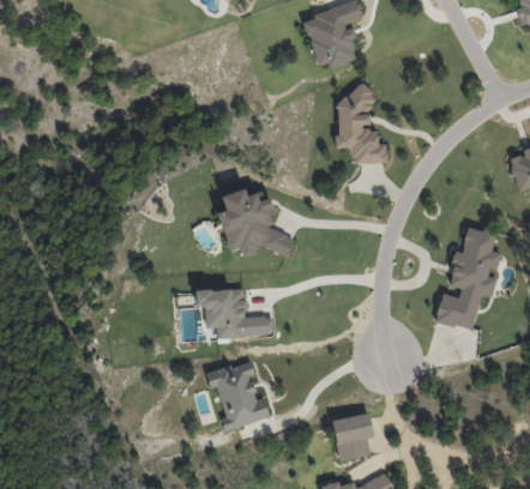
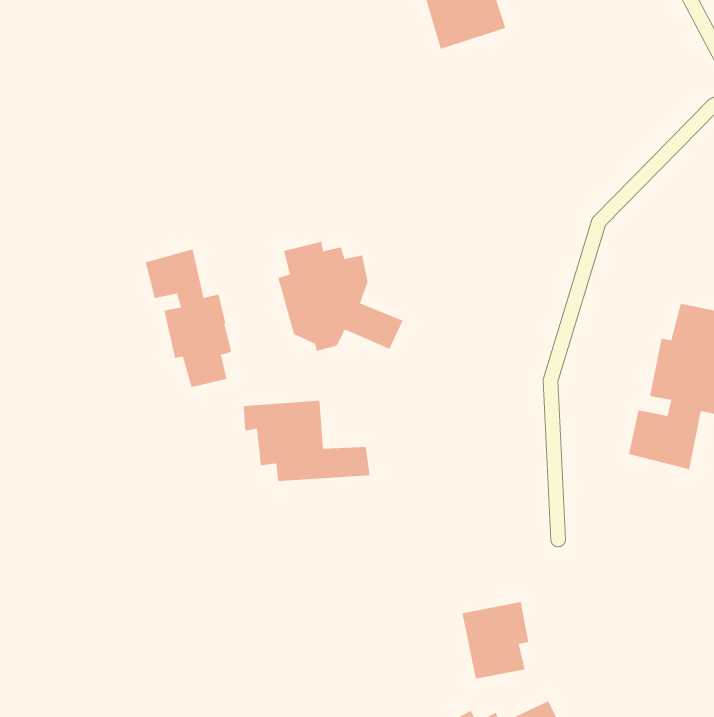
building: [337,92,389,163] -> none
building: none -> [145,249,232,388]
building: [206,361,271,430] -> none

